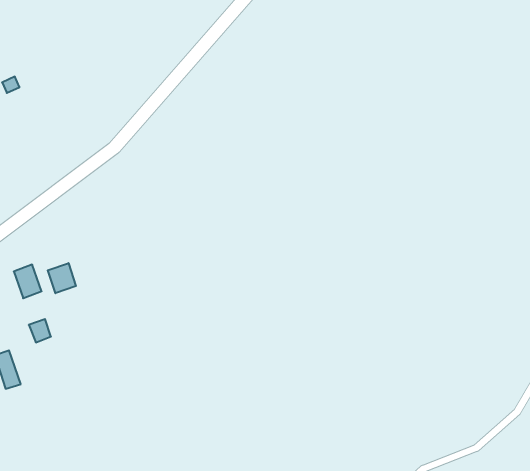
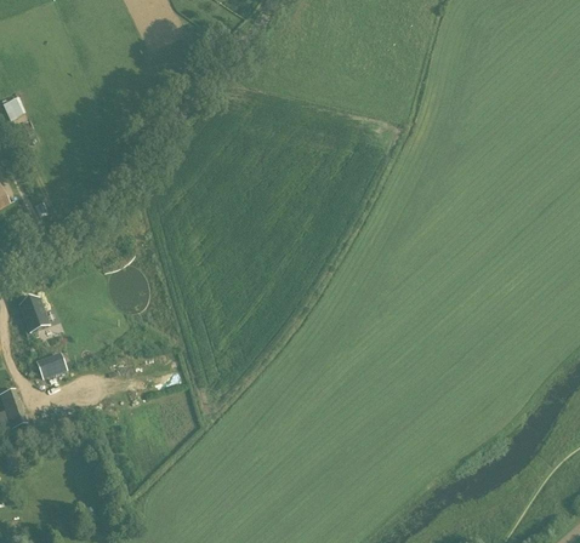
building: [48,263,76,293] -> none

